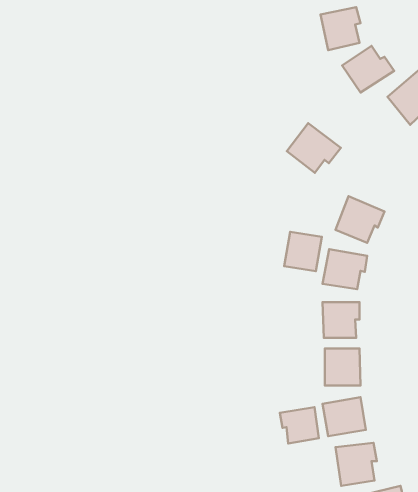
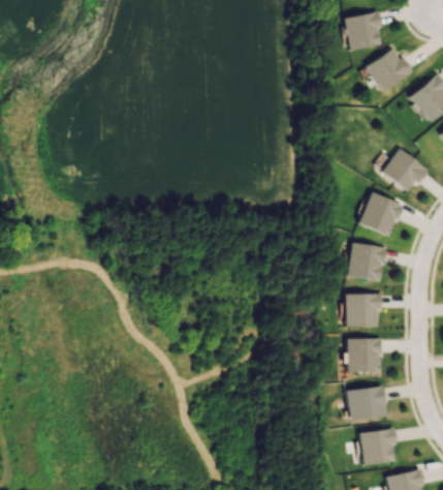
building: [287,123,341,173] -> [380,145,432,192]
building: [284,232,322,271] -> none
building: [280,407,319,443] -> none

